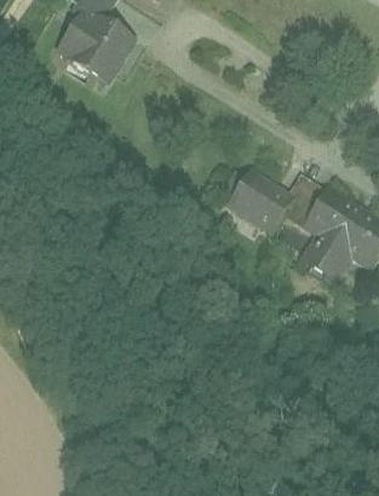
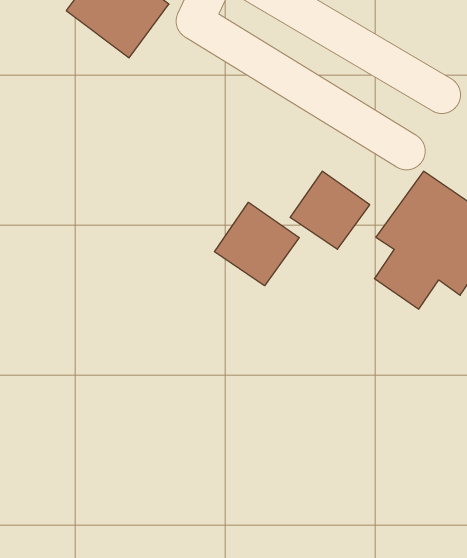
building: none -> [214,202,299,286]

